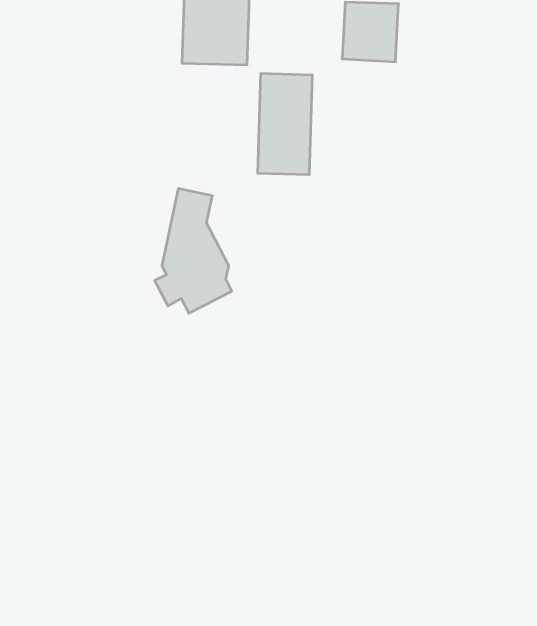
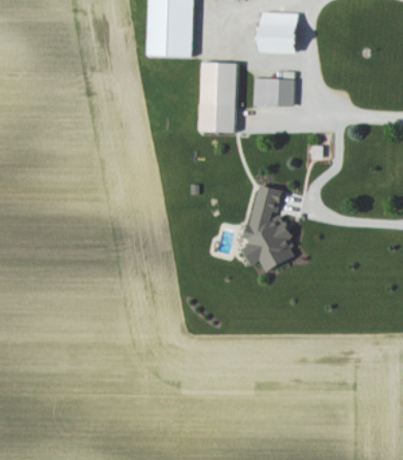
building: none -> [254,78,294,106]
building: [155,189,232,313] -> [241,185,295,271]

